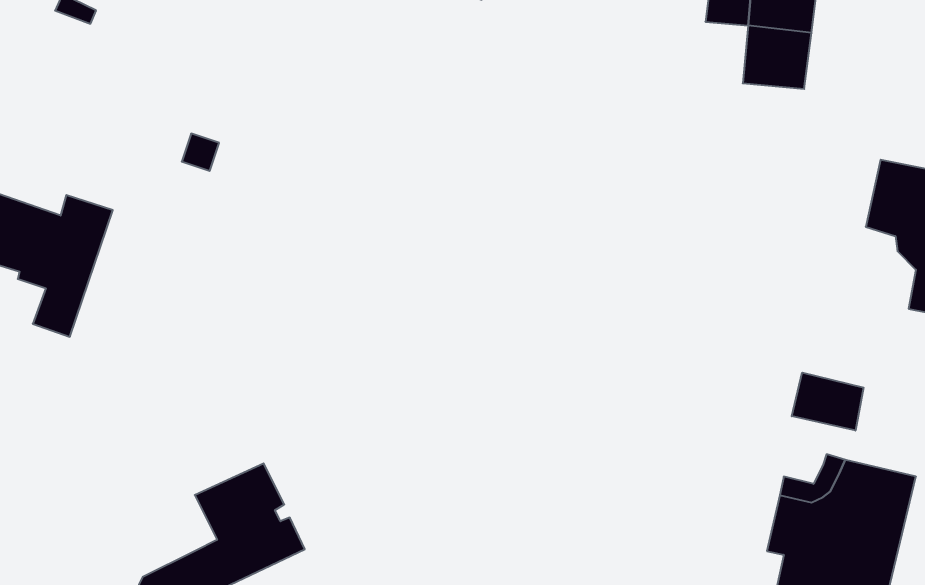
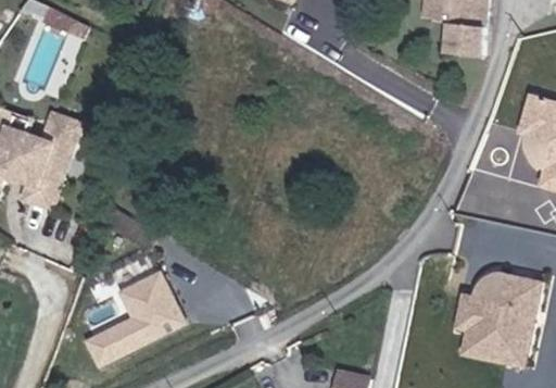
building: [792,373,864,431] -> none

